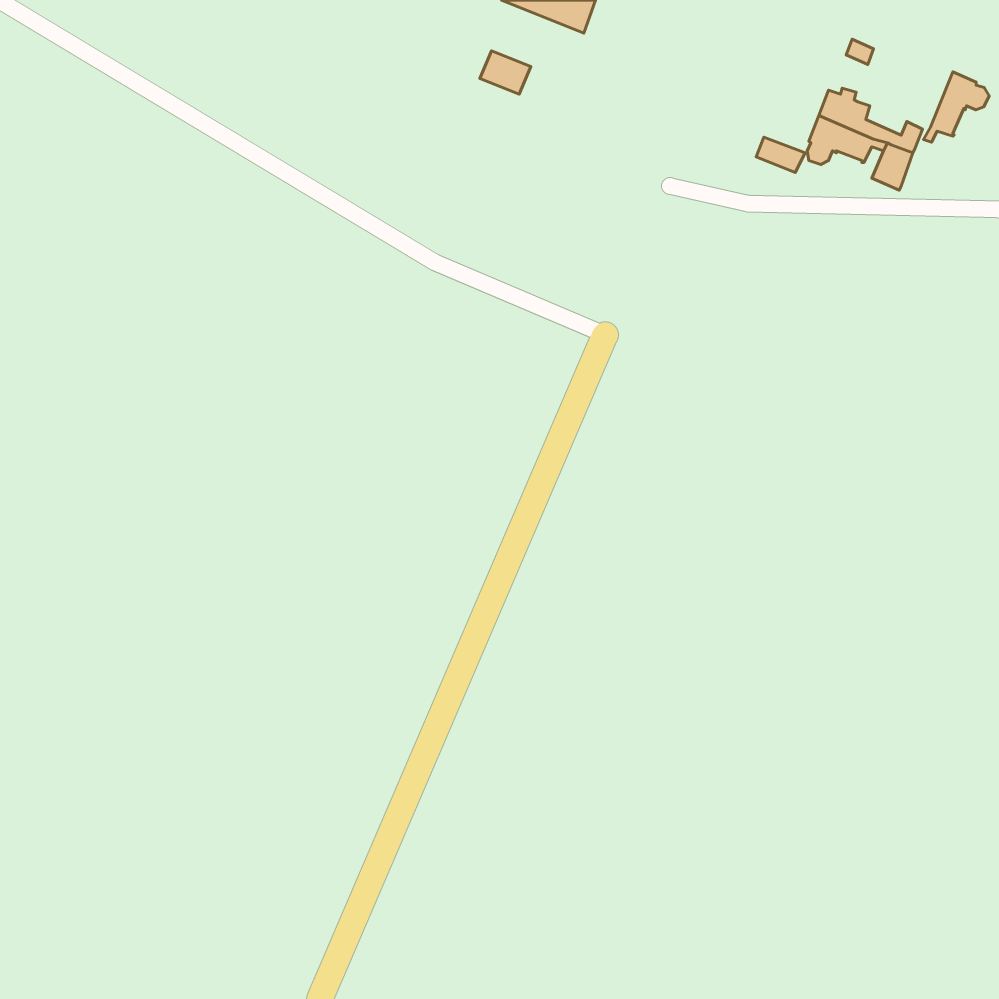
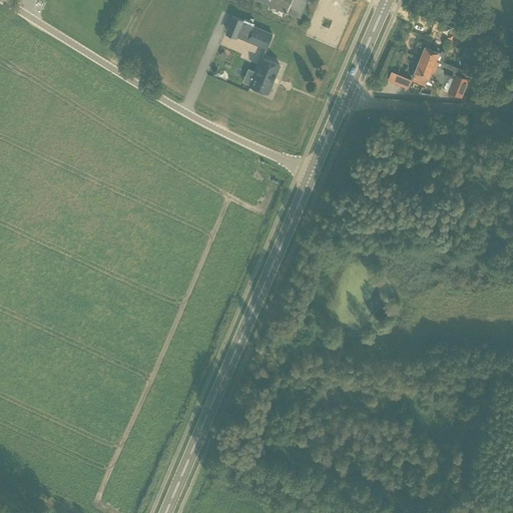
building: none -> [223,16,253,41]
building: [924,72,989,142] -> none
building: none -> [241,59,279,94]

